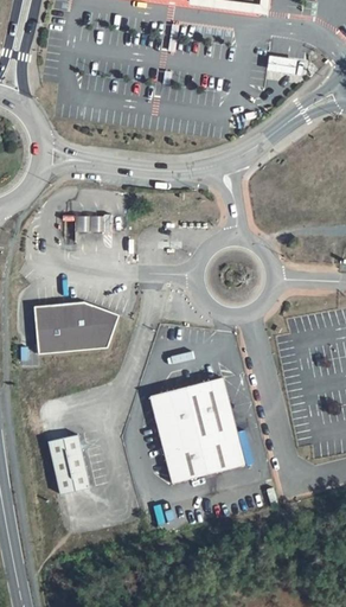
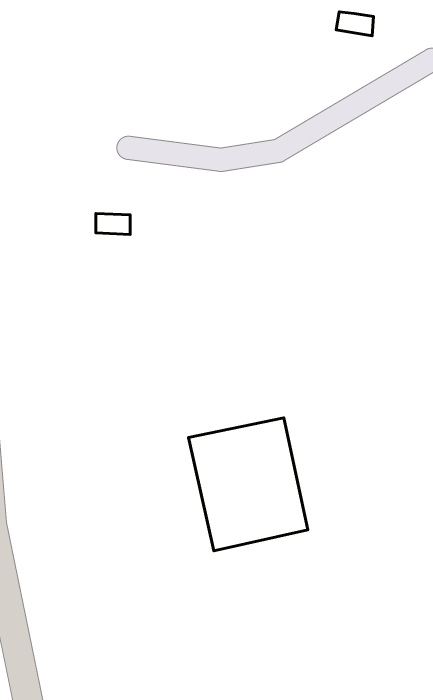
building: [28,300,113,350] -> none
building: [46,437,91,499] -> none

